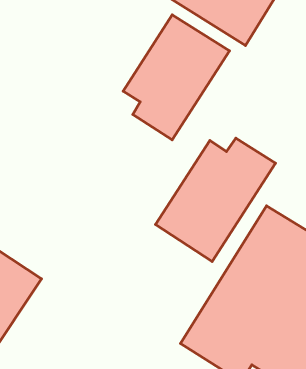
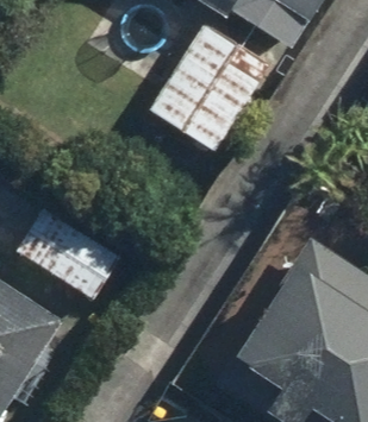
building: [156,138,276,262] -> none

